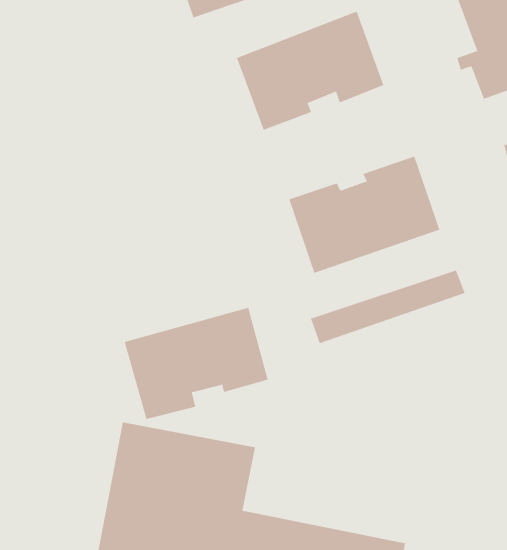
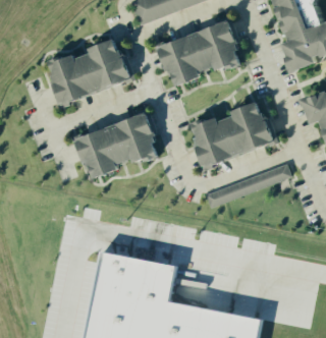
building: none -> [48,38,130,103]
building: [124,307,269,420] -> [78,115,160,178]

